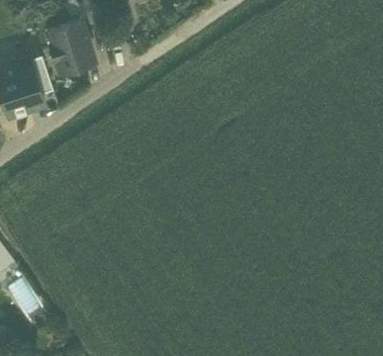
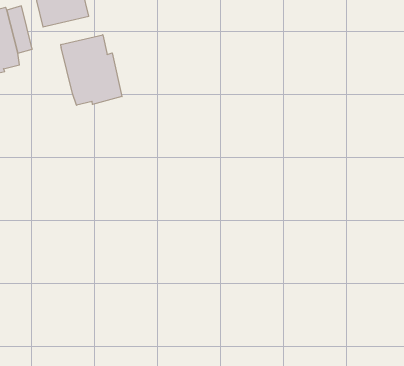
building: none -> [61,35,122,105]

